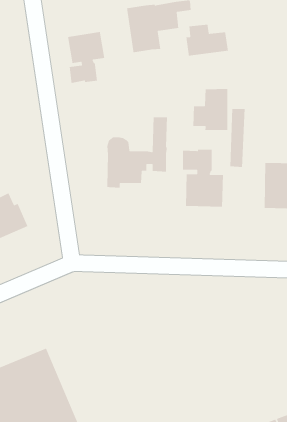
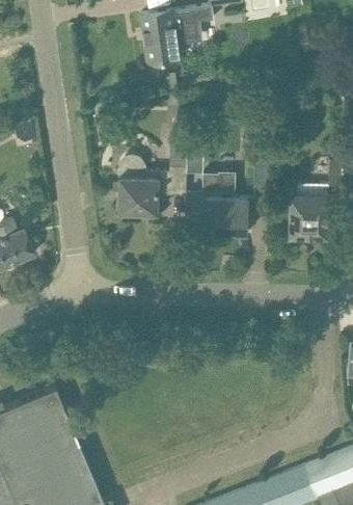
building: [186,24,229,57] -> none
building: [67,31,105,84] -> none
building: [192,88,228,131] -> none

